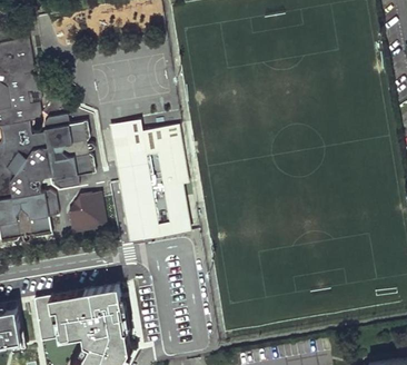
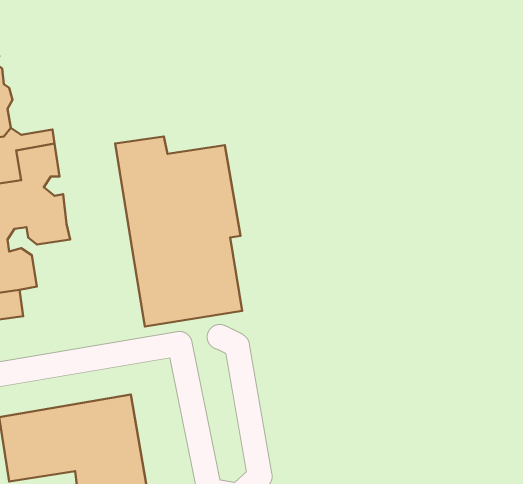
building: [61,126,93,179] -> none
building: [67,196,106,237] -> none

